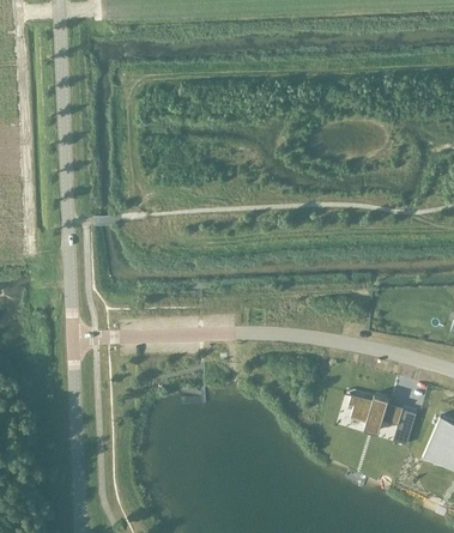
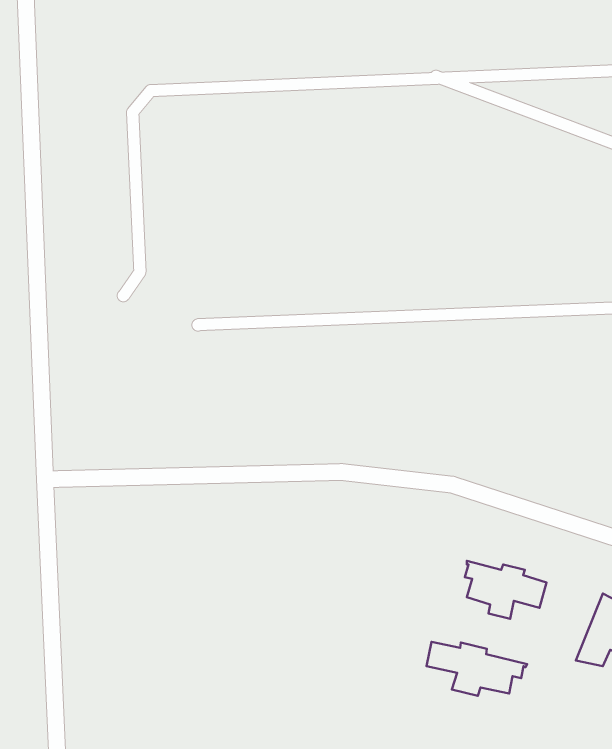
building: none -> [427,642,527,696]

